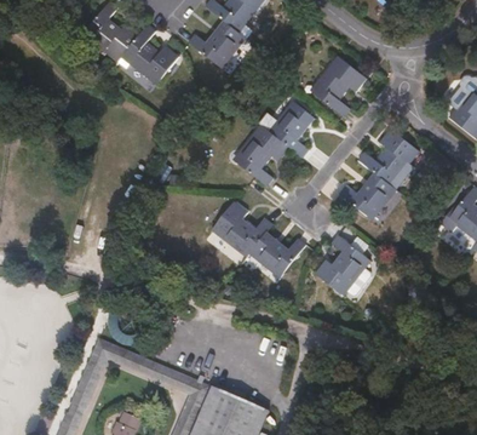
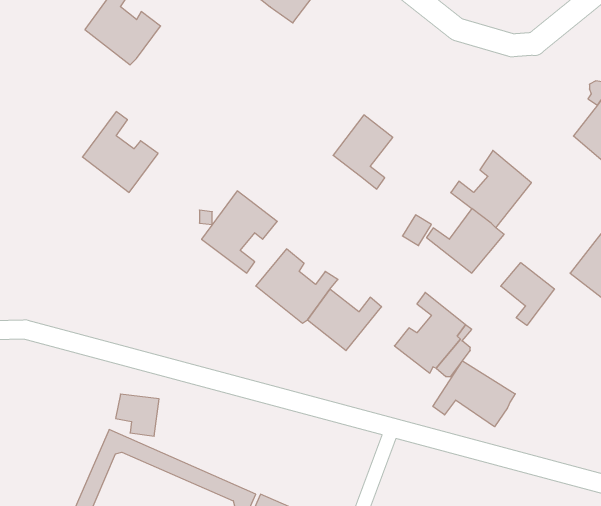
building: [188,19,245,68] -> none
building: [121,24,178,85] -> [82,112,158,192]
building: [309,55,367,118] -> none
building: [232,124,289,185] -> [202,191,277,273]
building: none -> [501,263,554,325]
building: none -> [433,361,515,427]

